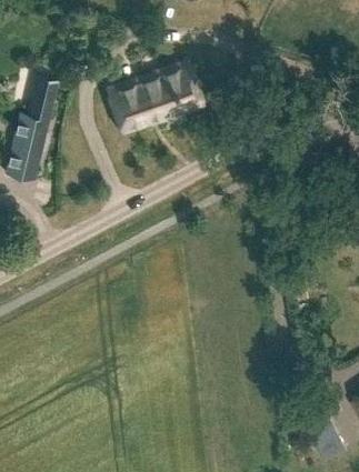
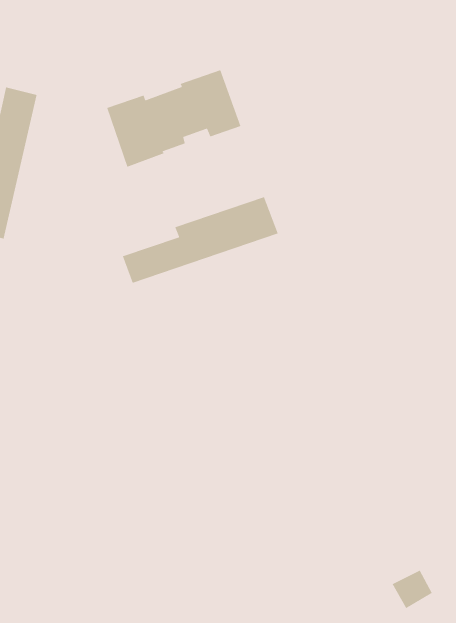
building: none -> [122,196,279,284]

